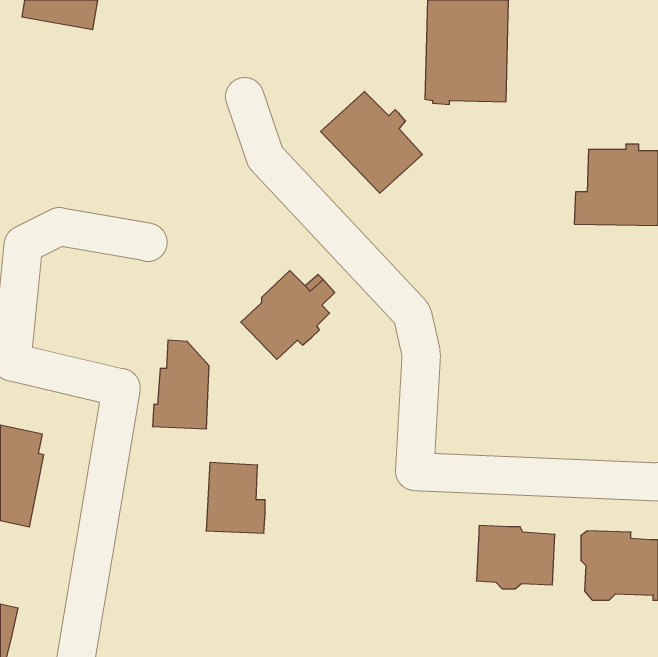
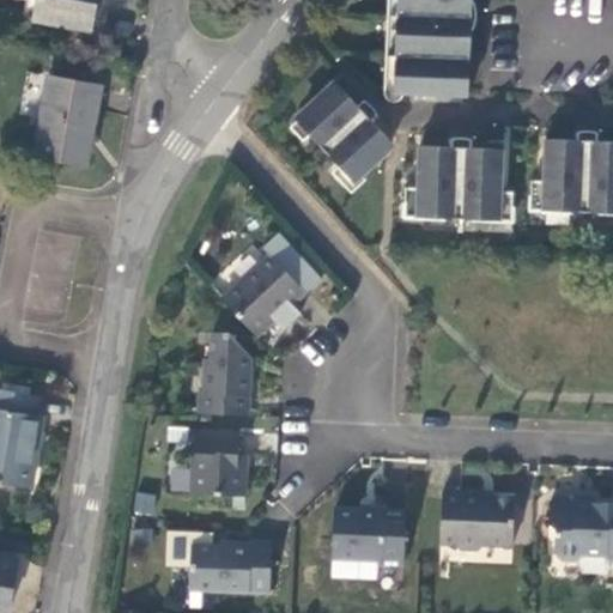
building: none -> [32,75,101,165]
building: none -> [408,142,515,220]
building: [152,340,209,429] -> [199,333,251,415]
building: none -> [334,510,406,566]
building: none -> [192,541,272,591]

